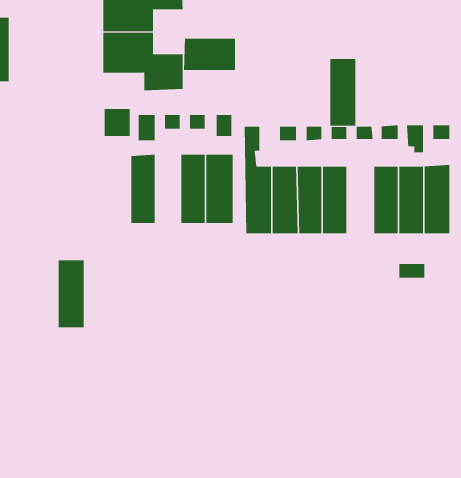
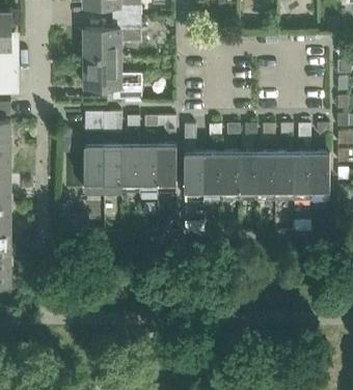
building: [183,38,236,71] -> none
building: [330,58,356,126] -> [256,150,275,198]
building: none -> [121,142,139,191]
building: [58,260,84,328] -> [85,143,104,191]

